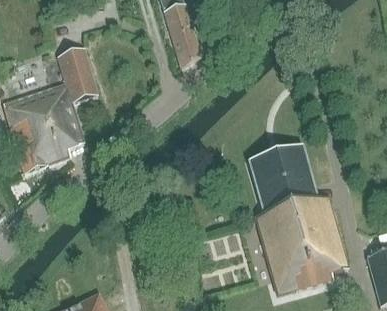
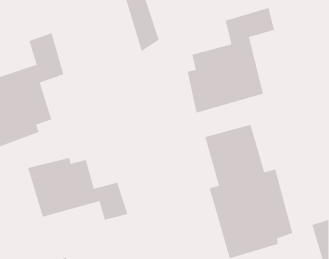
building: none -> [187,7,275,114]
building: none -> [28,157,128,221]

